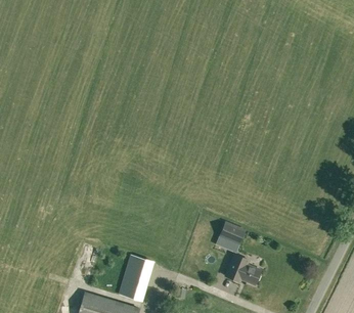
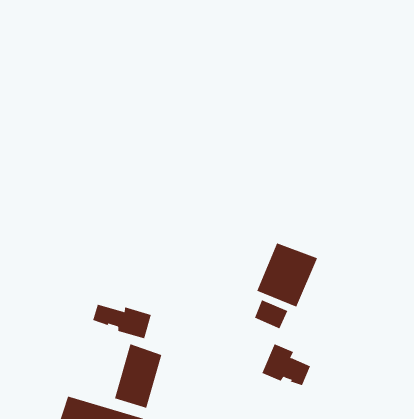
building: none -> [256,243,318,307]
building: none -> [93,304,152,339]

